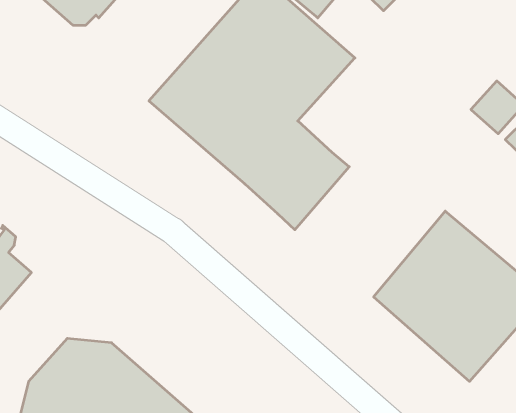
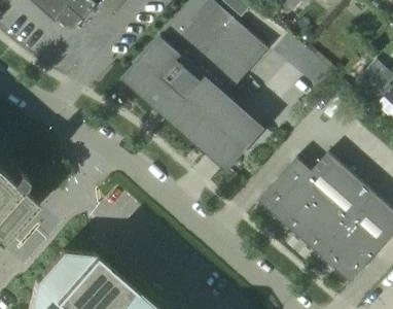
building: none -> [259,152,333,219]

